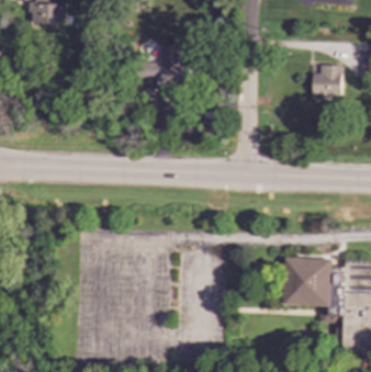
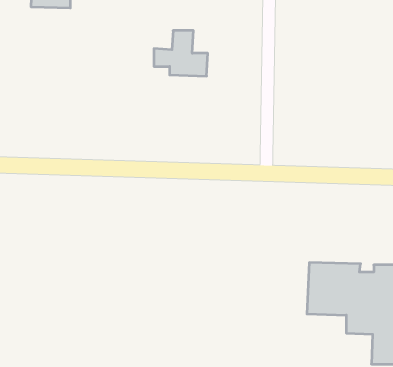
building: [313,64,341,98] -> none

